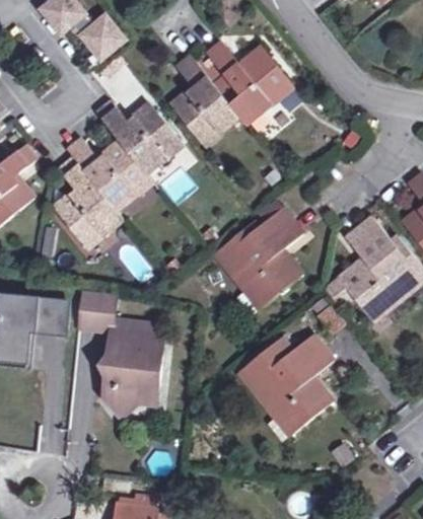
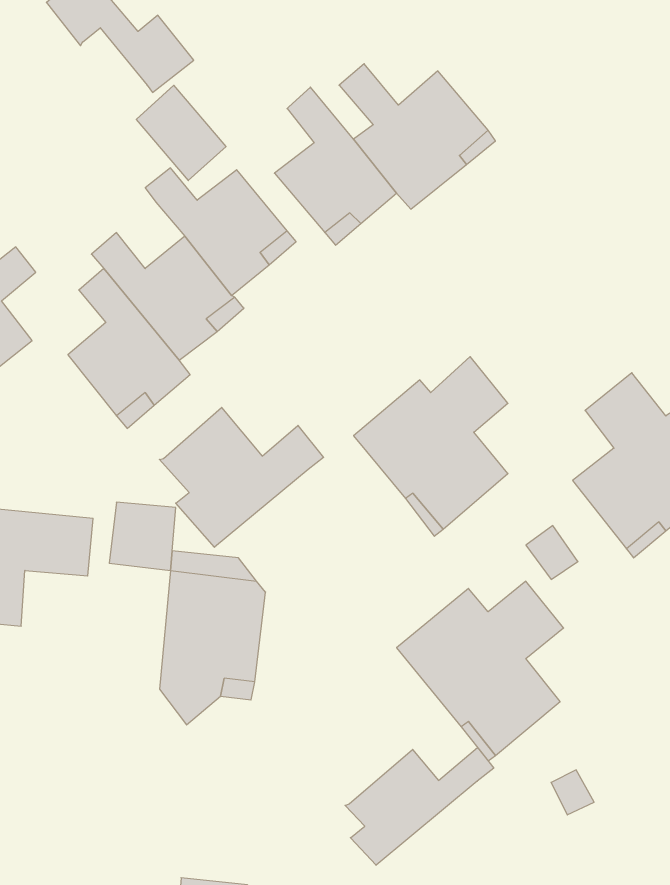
building: none -> [159,407,324,547]
building: none -> [345,747,494,865]

